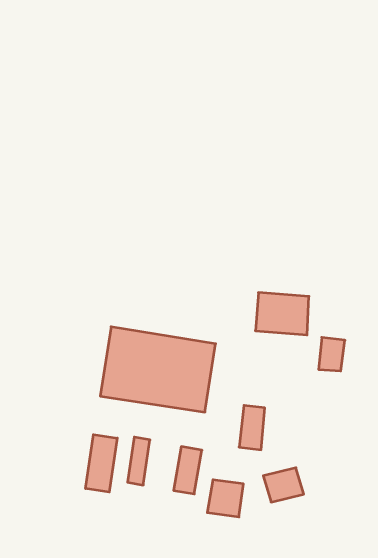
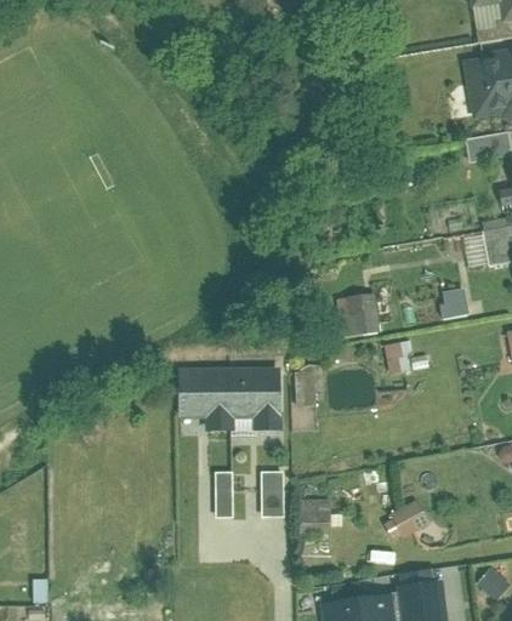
building: [239,405,265,450] -> [294,365,318,408]
building: [86,435,117,492] -> none
building: [263,468,304,502] -> [389,495,432,532]

